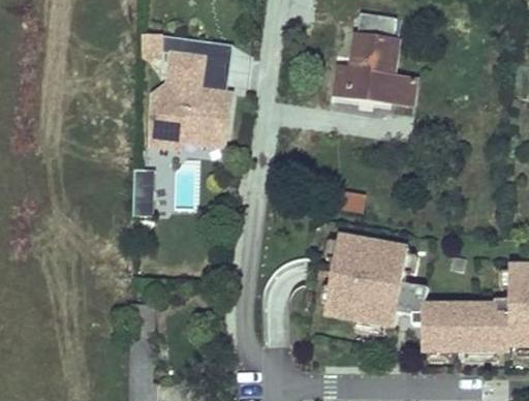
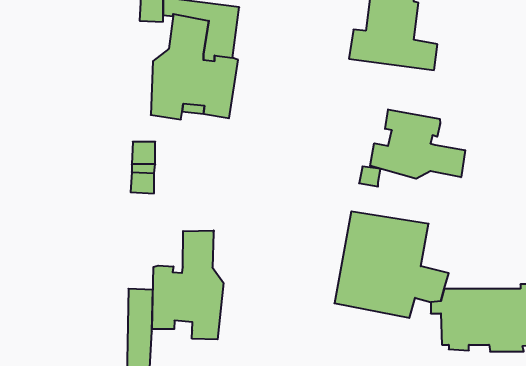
building: none -> [370,109,465,179]
building: none -> [152,230,224,339]

